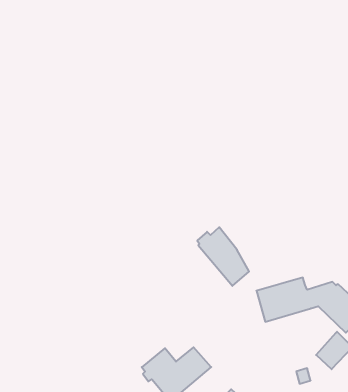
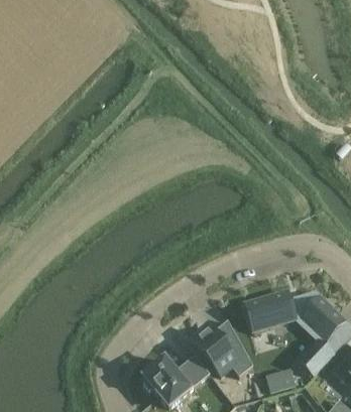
building: [197,227,249,286] -> [192,323,239,377]

